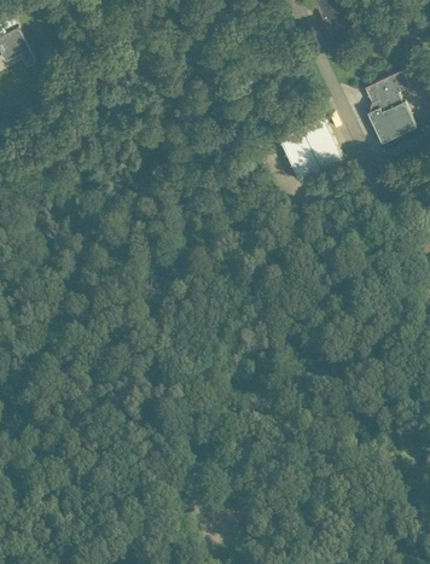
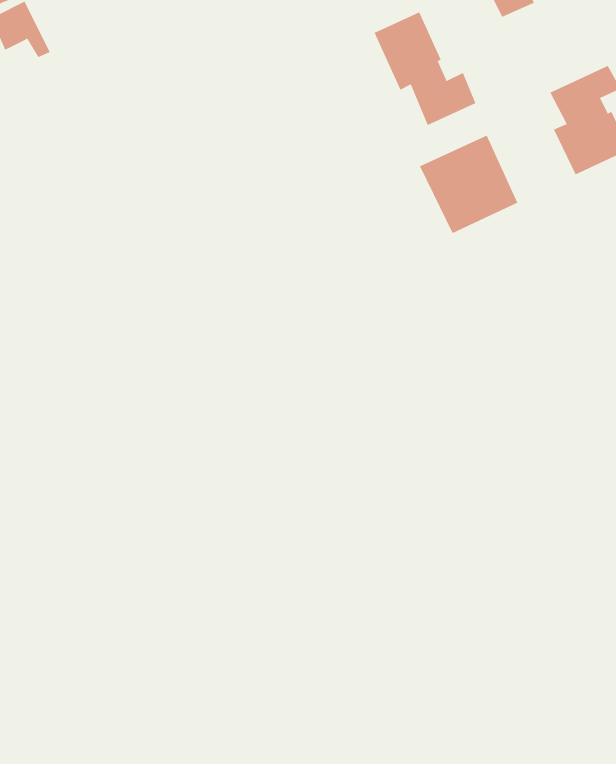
building: none -> [374,11,476,126]

